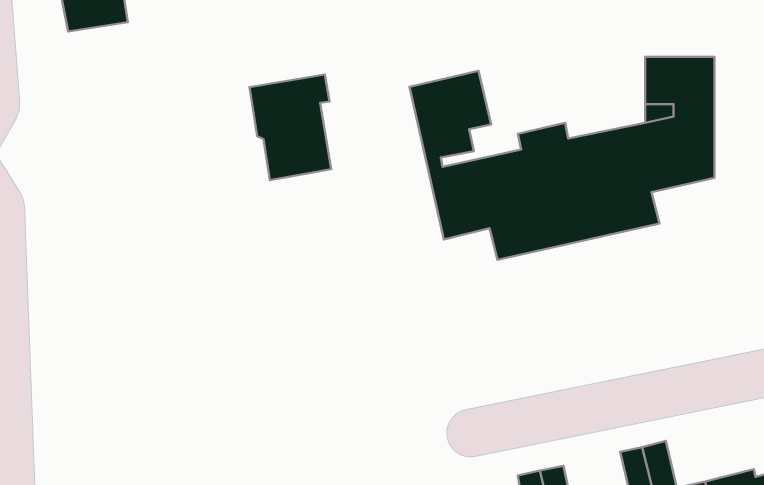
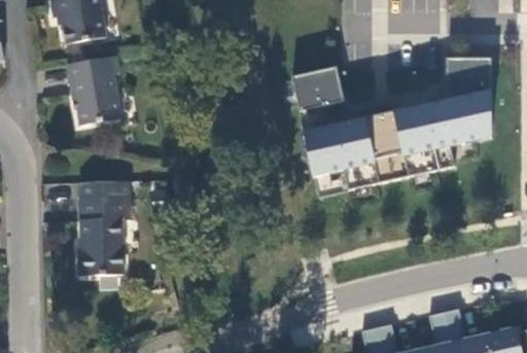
building: [249,75,331,180] -> [67,54,120,122]
building: none -> [81,193,133,272]

